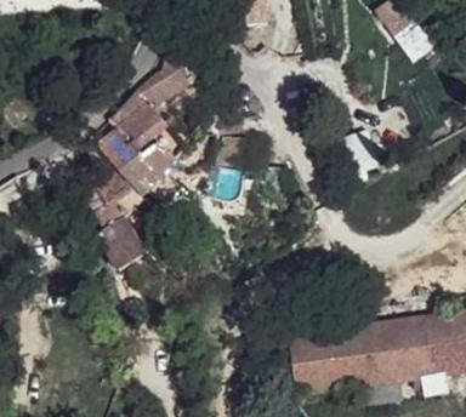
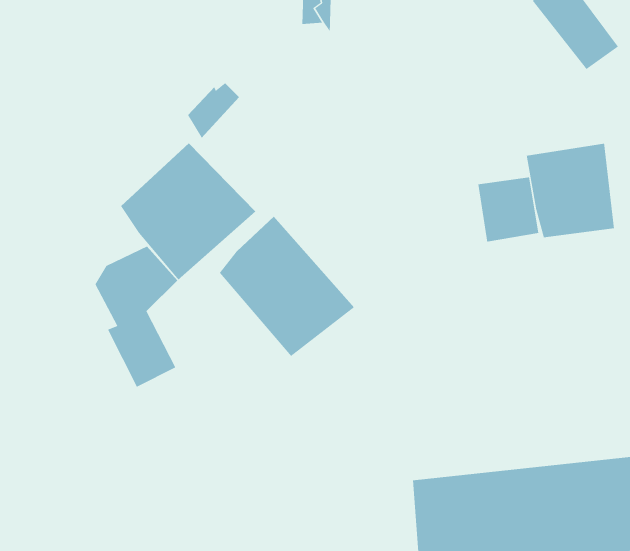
building: none -> [526,143,615,238]
building: none -> [219,216,355,357]

